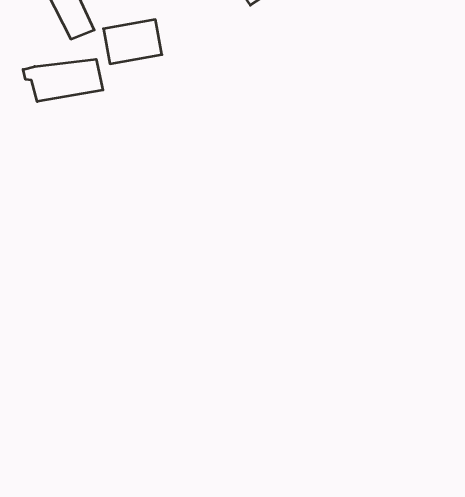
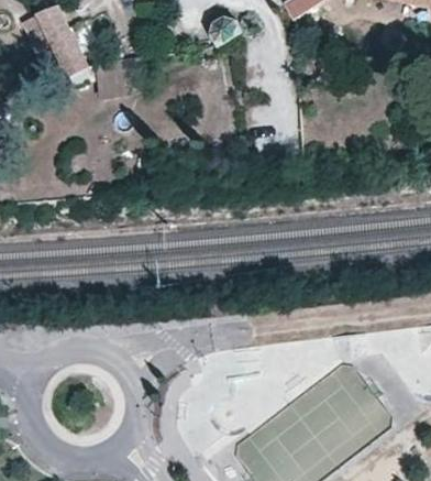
building: [23,59,103,102] -> none

